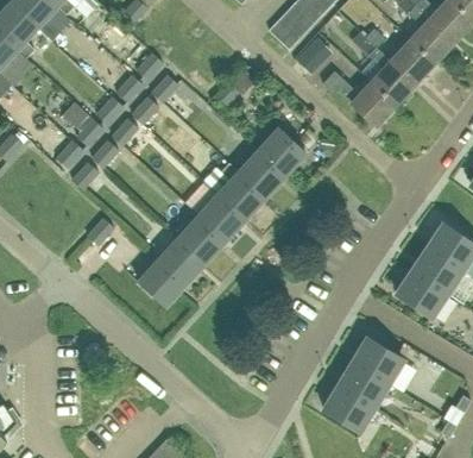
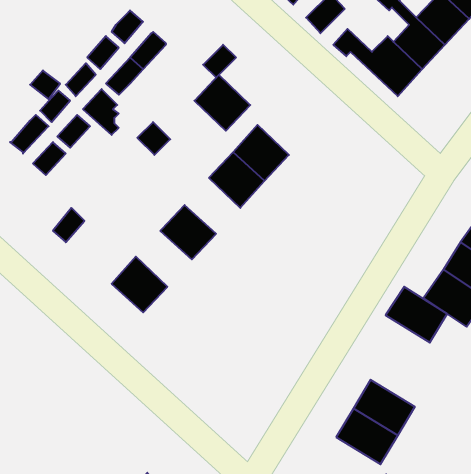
building: [258,128,304,175] -> [194,75,250,131]
building: [197,194,244,240] -> none
building: [149,230,203,284] -> none
building: [352,338,403,384] -> [386,287,447,343]

